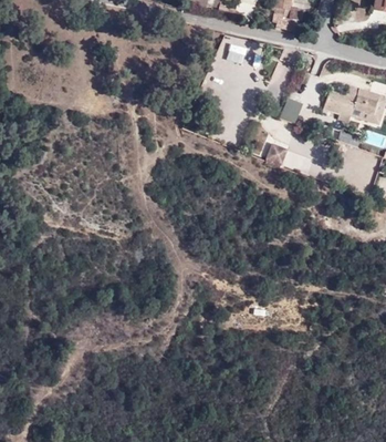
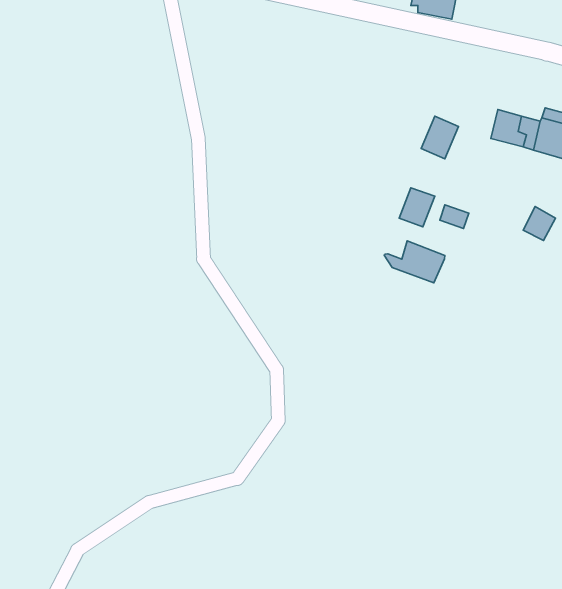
building: none -> [384,241,445,283]

